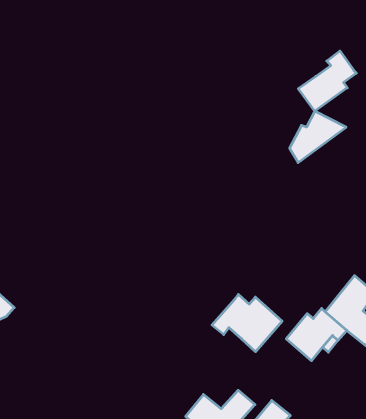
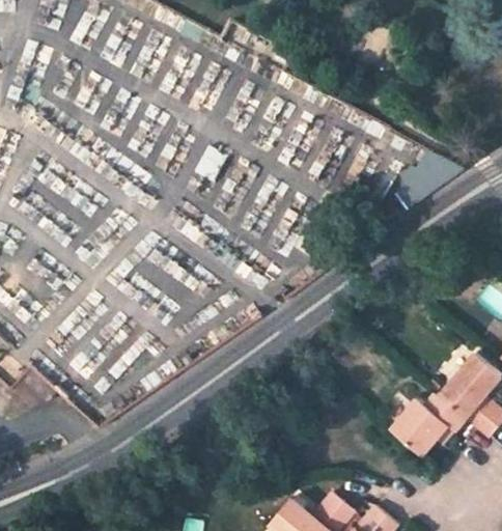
building: [298,51,356,111] -> none
building: [212,294,282,352] -> none

